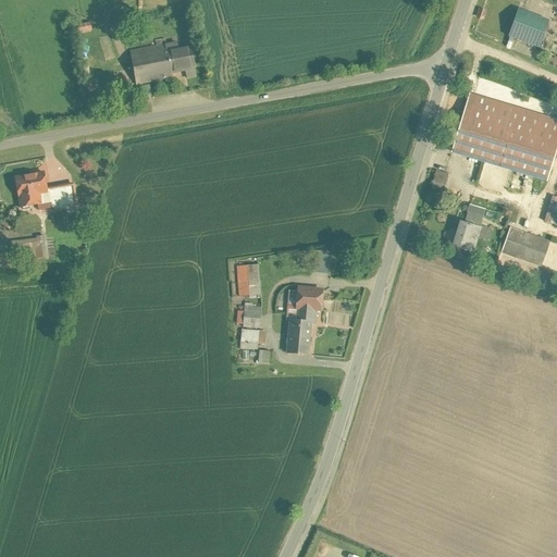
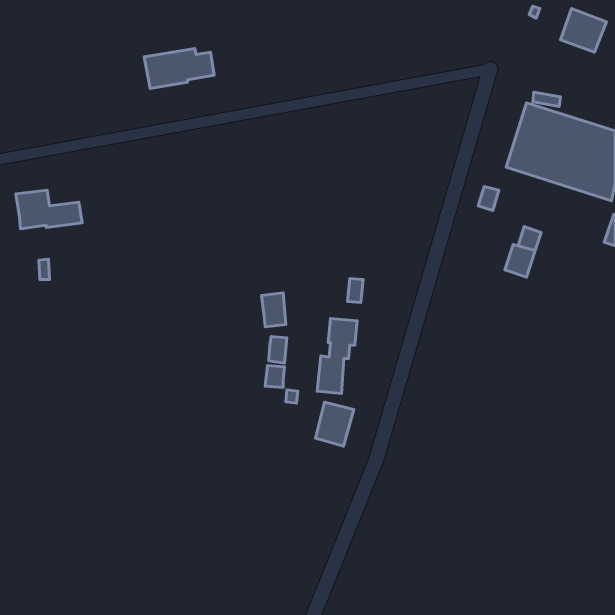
building: [502,224,547,264] -> none
building: none -> [316,402,354,446]

